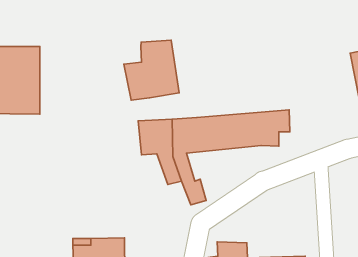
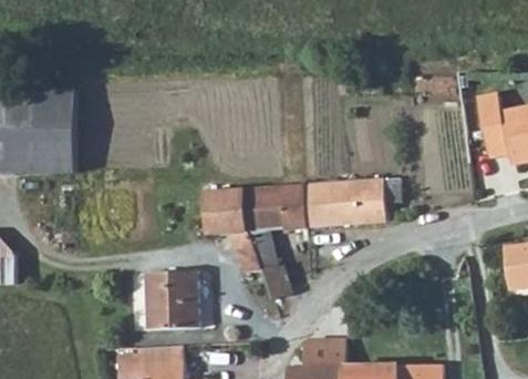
building: [124,40,179,100] -> none
building: none -> [149,267,200,327]

